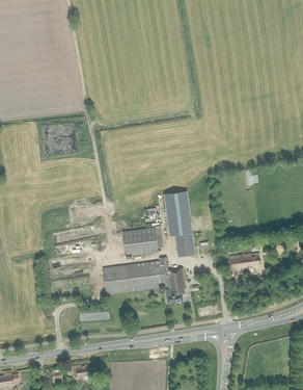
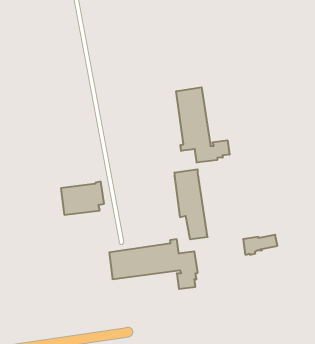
building: none -> [176,87,230,163]
building: [122,225,163,256] -> [61,182,104,215]

